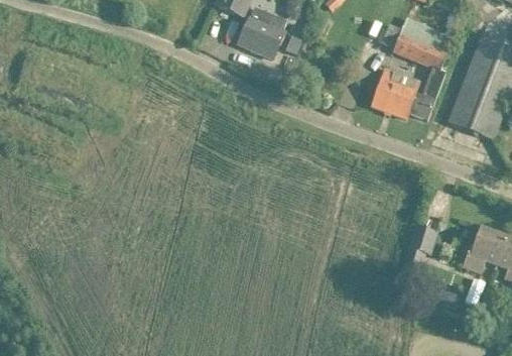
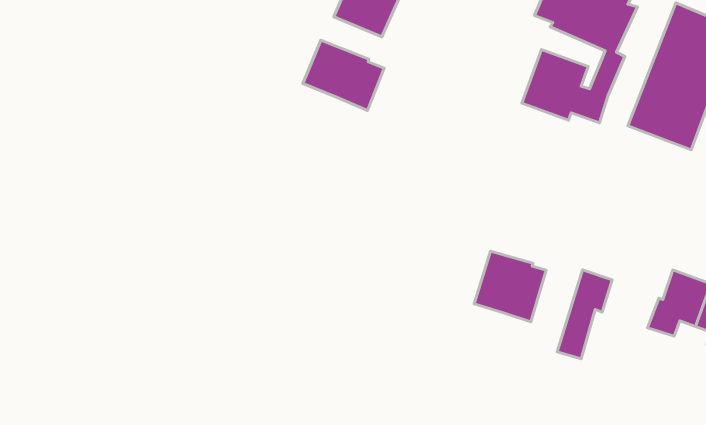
building: none -> [303,40,384,110]
building: none -> [474,251,546,322]

